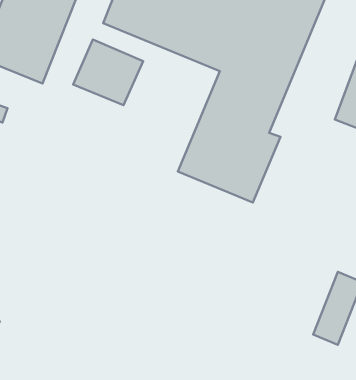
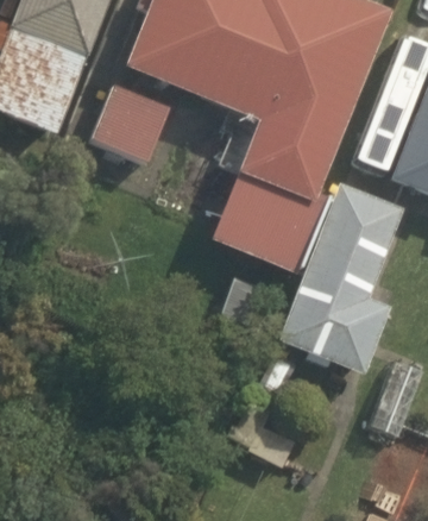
building: none -> [281,178,407,371]

